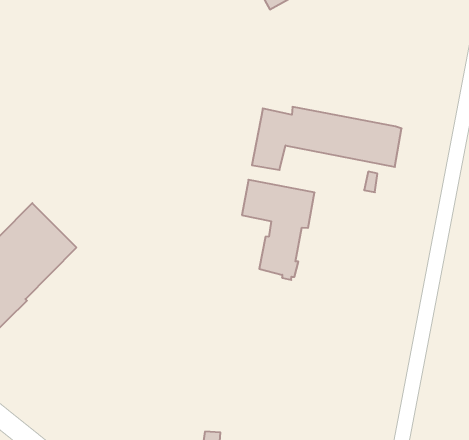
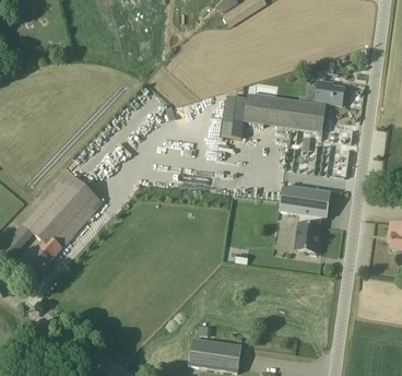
building: none -> [305,79,345,105]
building: [242,180,315,280] -> [280,186,330,255]

